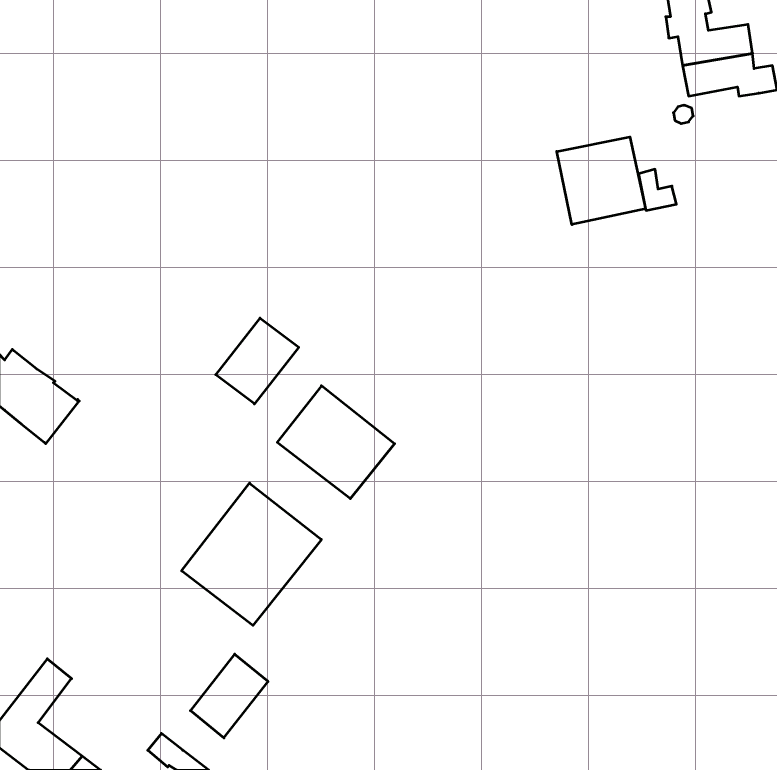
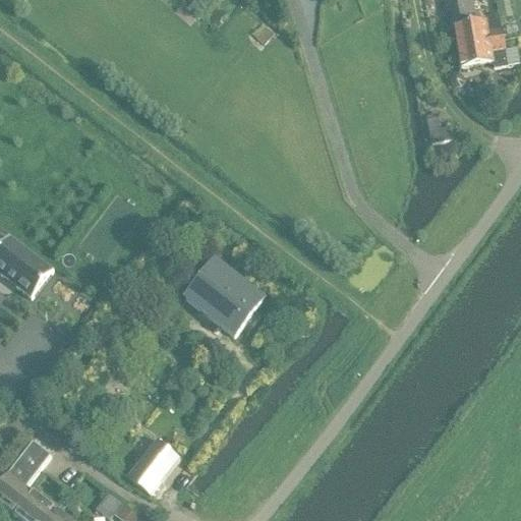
building: [557,137,646,225] -> none
building: [216,318,299,404] -> none
building: [182,483,321,625] -> none

